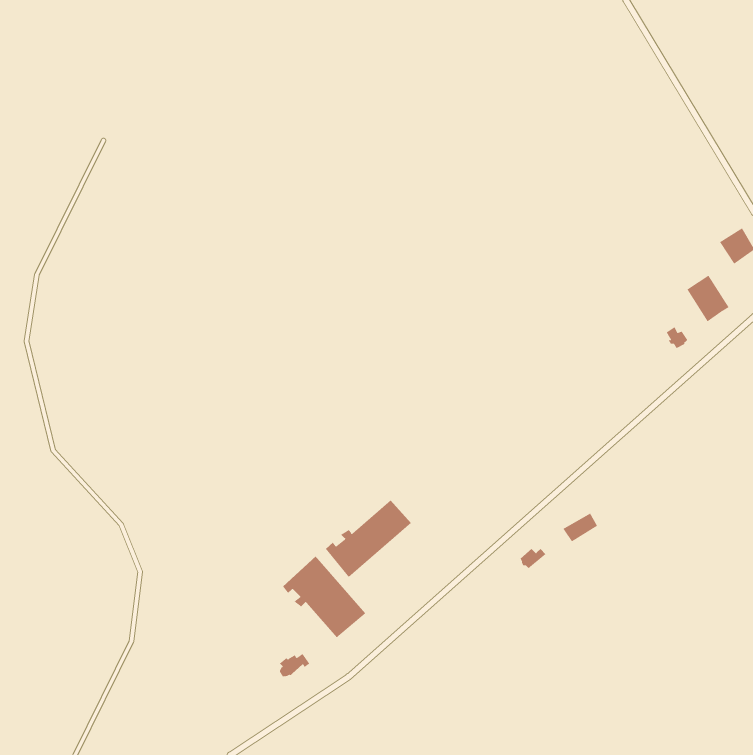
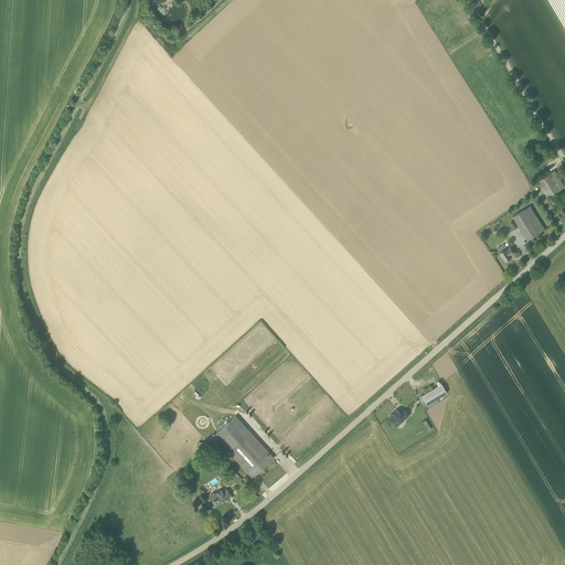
building: [325,499,412,578] -> none

